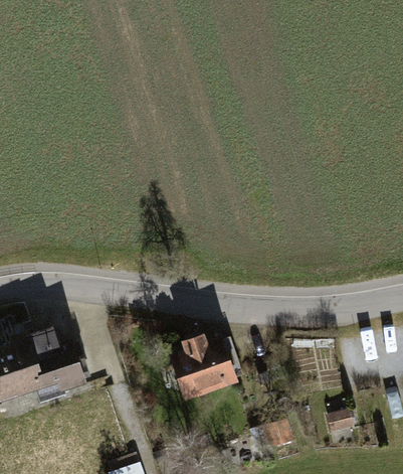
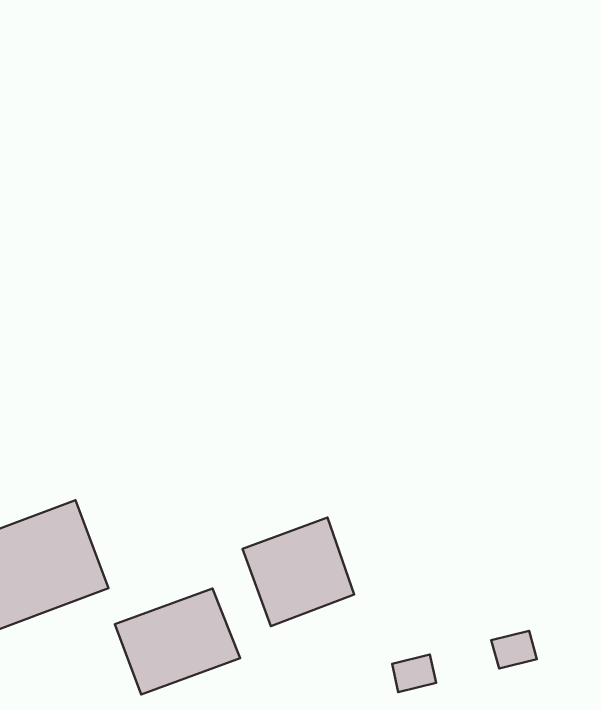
building: none -> [115,589,240,695]

